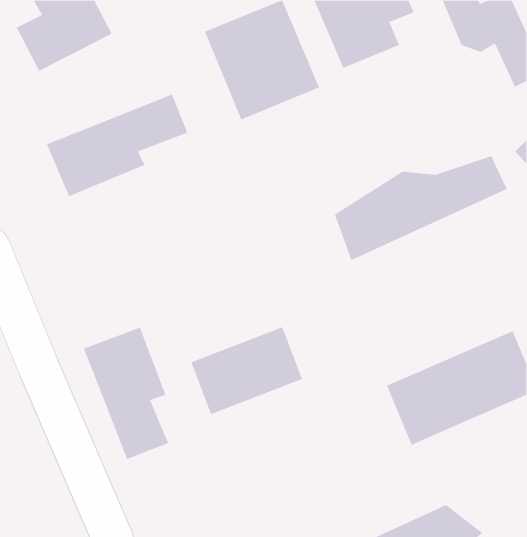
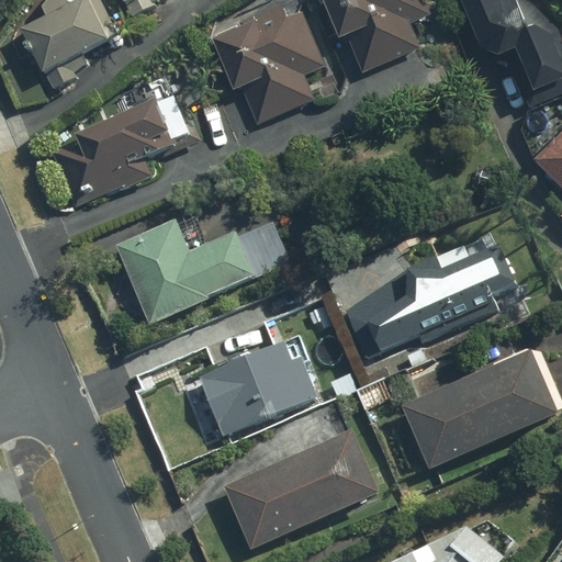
building: [334,155,508,261] -> [342,250,524,360]
building: none -> [115,222,283,327]
building: [83,327,169,460] -> none
building: none -> [223,427,384,548]

